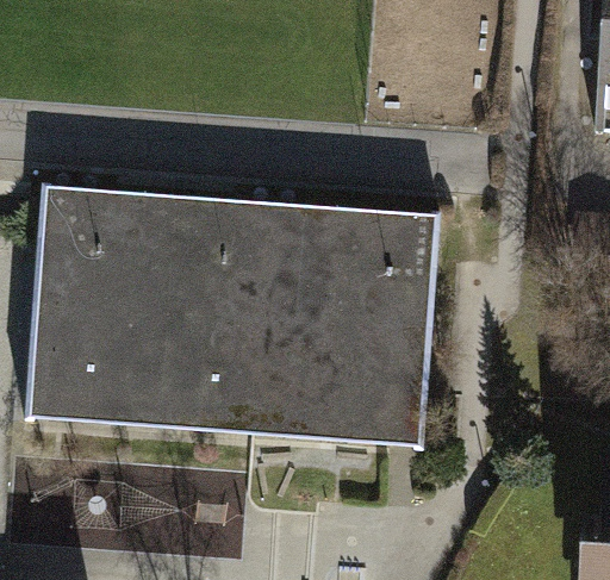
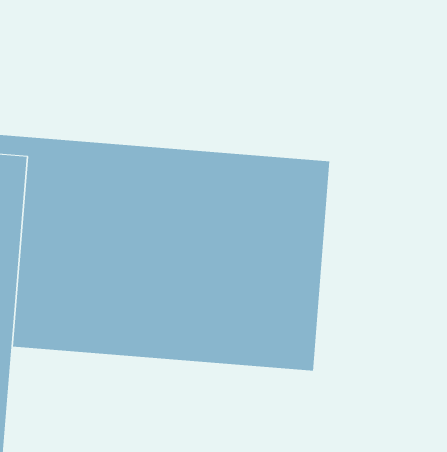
building: [74,485,261,565] -> none

